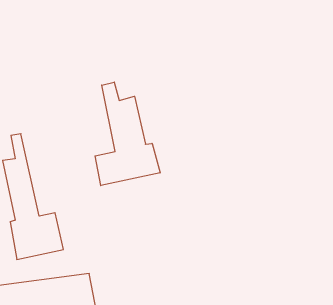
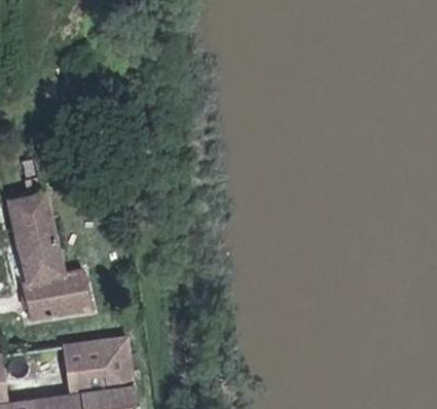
building: [95,82,160,186] -> none

